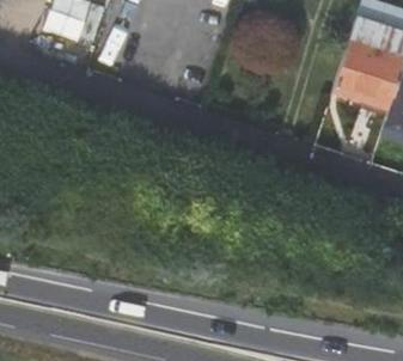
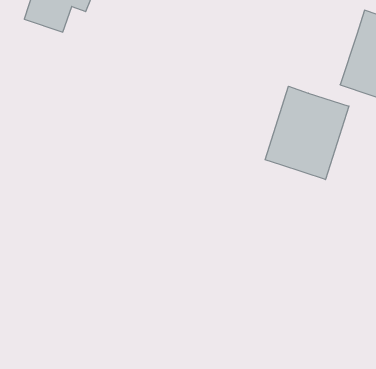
building: none -> [265,86,349,180]

